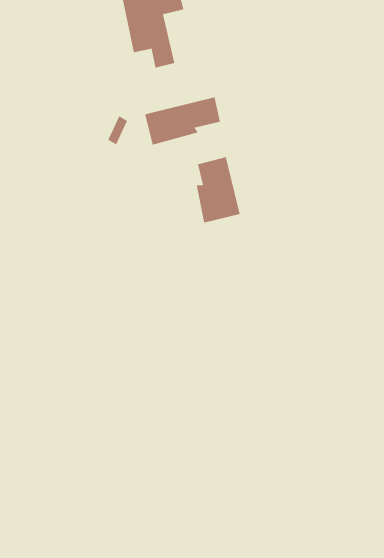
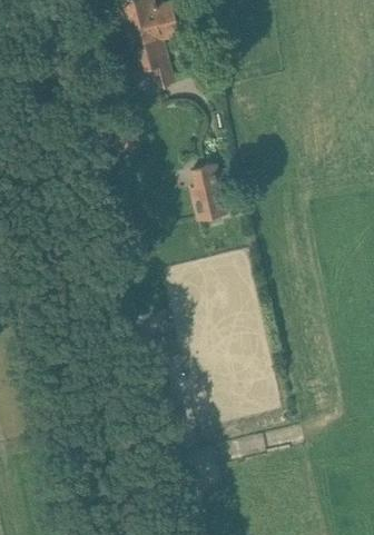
building: [145,97,220,146] -> none

